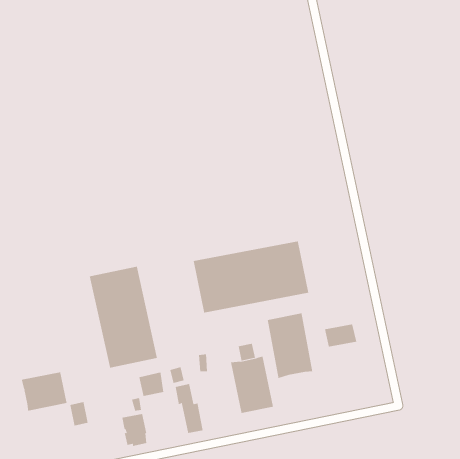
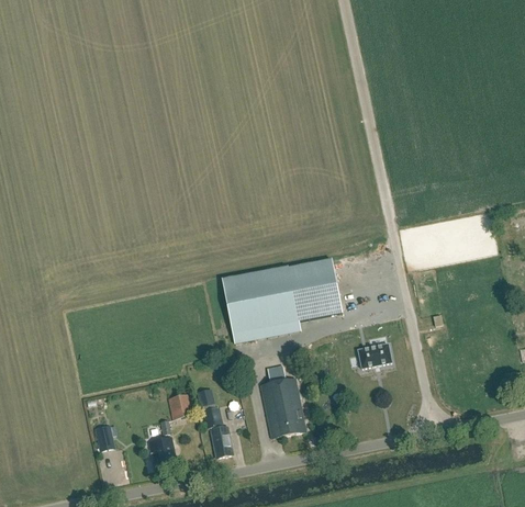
building: [89,266,158,368] -> none
building: [267,312,313,379] -> none
building: [21,371,67,411] -> none

